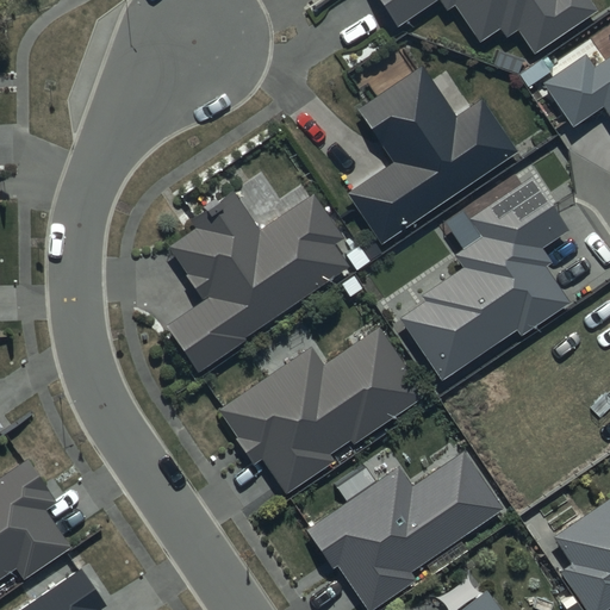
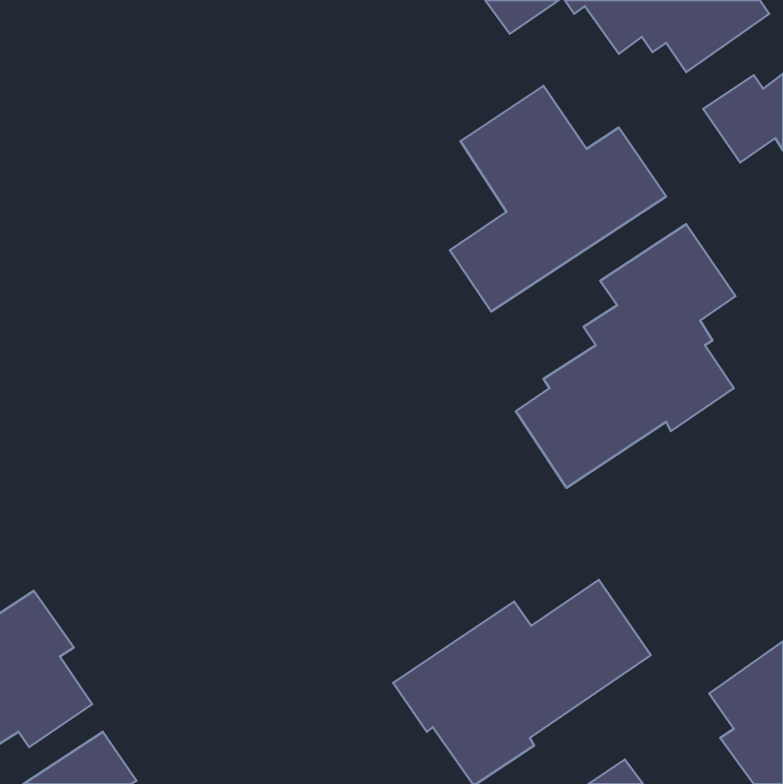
building: [167,192,351,373] -> none
building: [218,329,427,493] -> none

